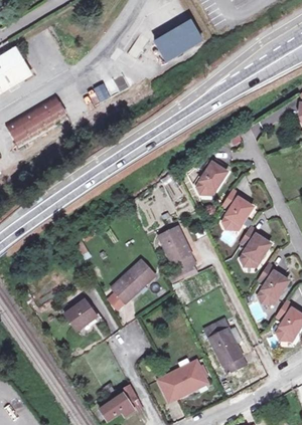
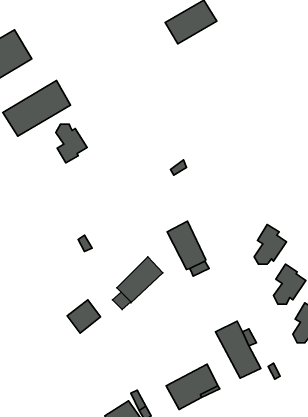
building: none -> [56,124,87,163]
building: [196,158,225,195] -> none
building: [222,193,252,230] -> none

